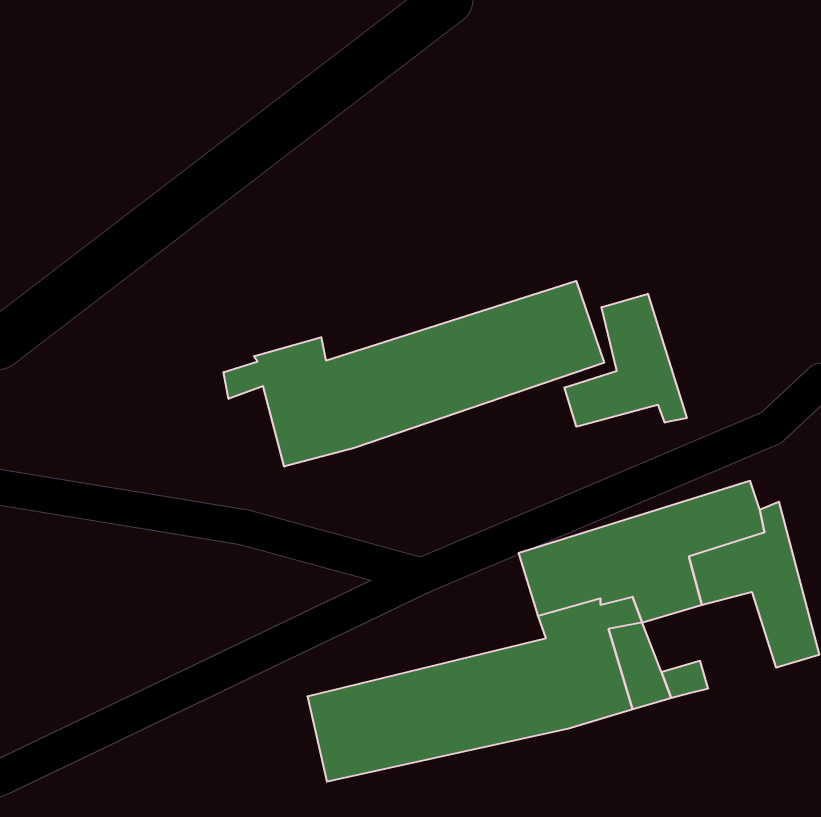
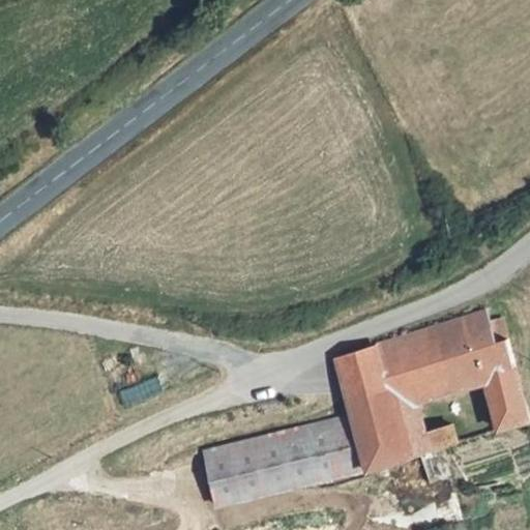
building: [224,281,604,467] -> none
building: [564,294,687,427] -> none

